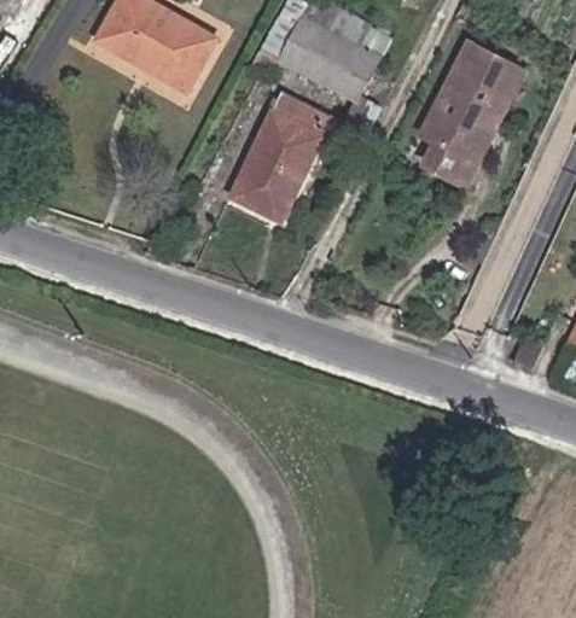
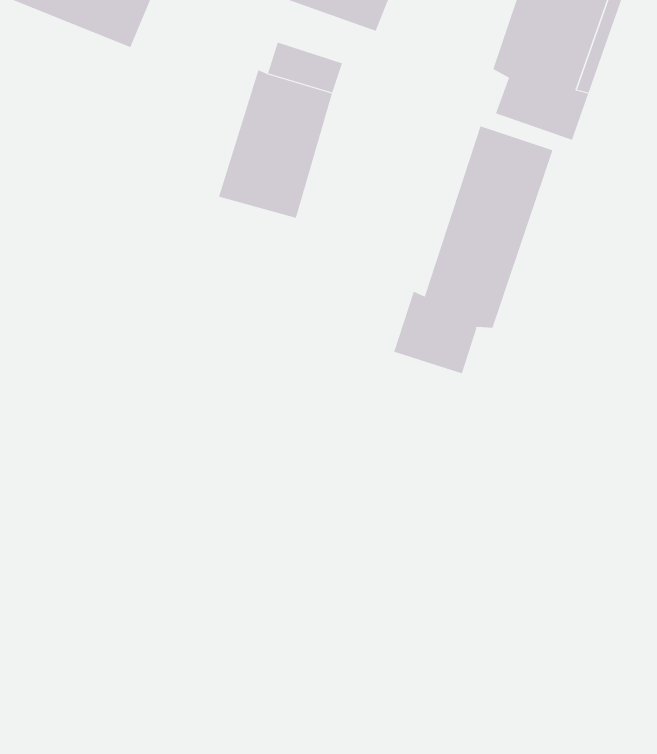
building: none -> [394,125,553,374]

